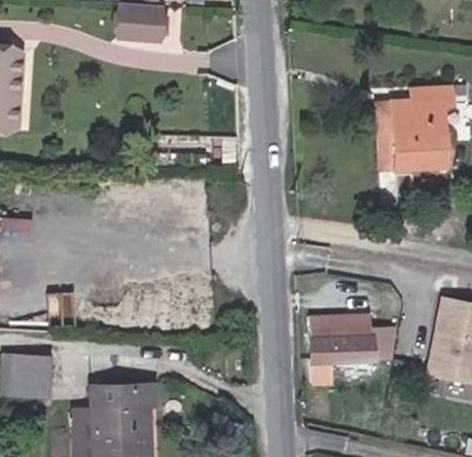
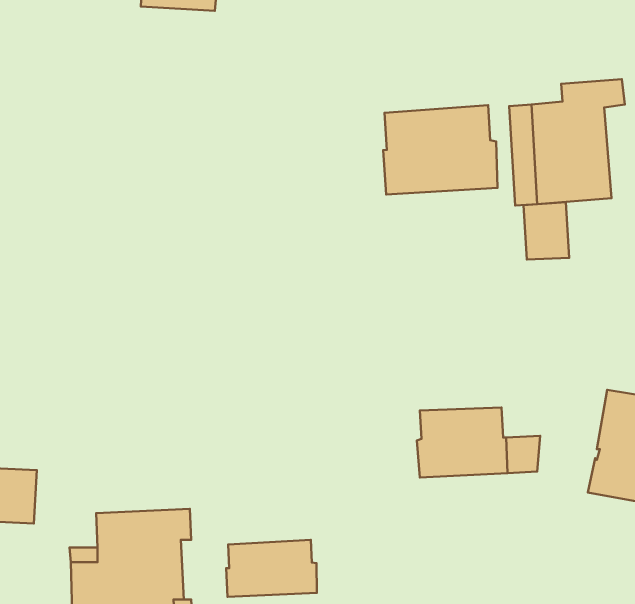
building: none -> [383,105,497,194]
building: none -> [523,202,569,260]
building: none -> [226,540,317,597]

